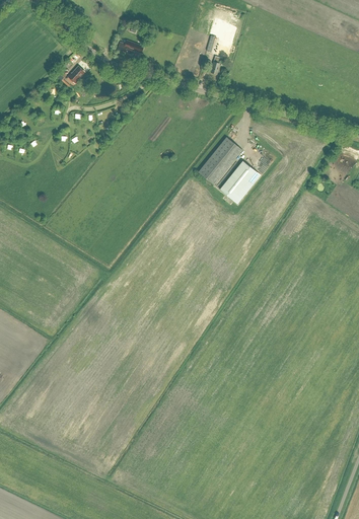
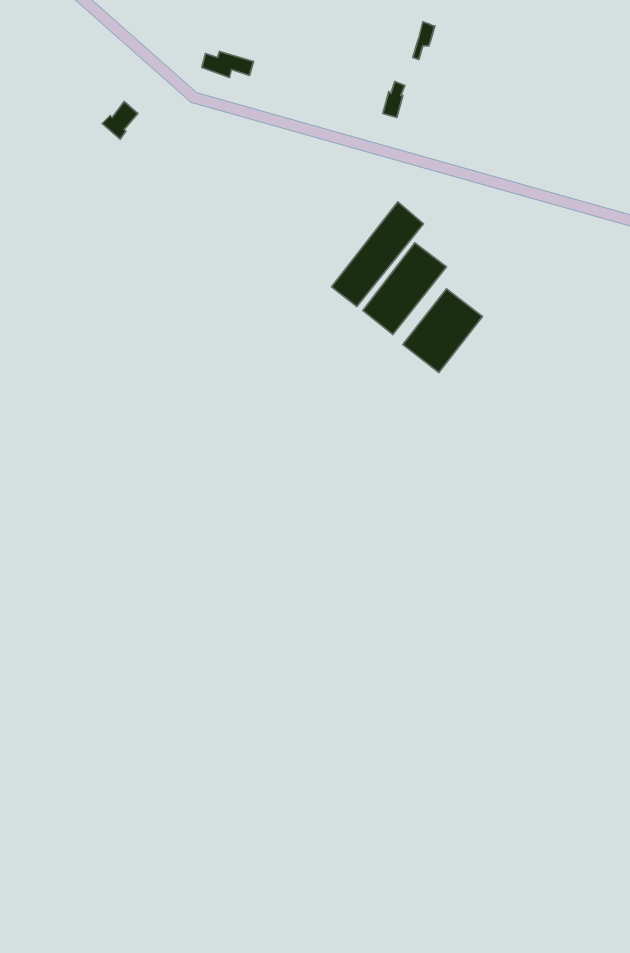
building: none -> [331,202,423,307]

